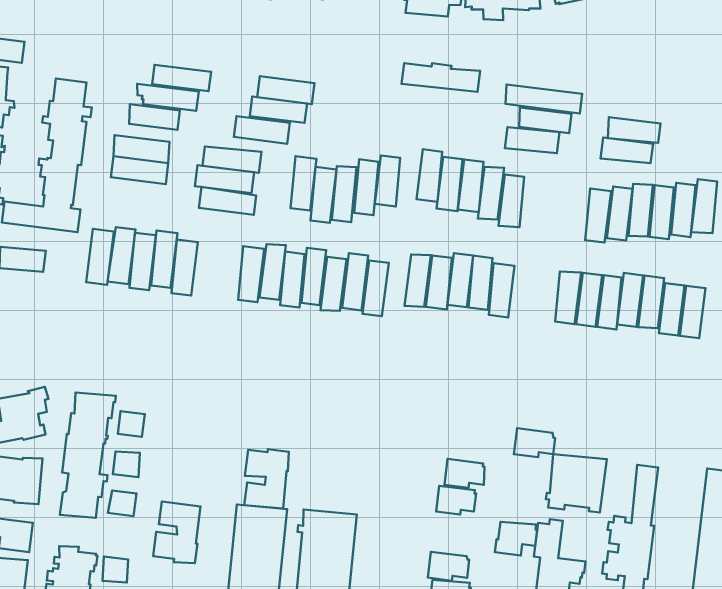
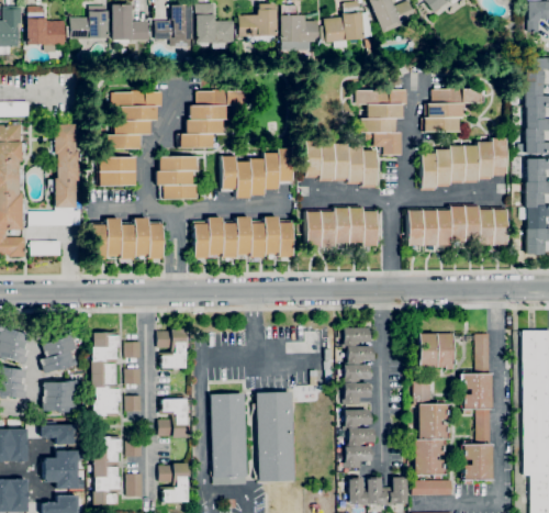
building: none -> [112,90,163,105]
building: [401,63,480,92] -> [195,89,247,105]
building: none -> [433,87,484,103]
building: none -> [373,133,401,155]
building: [514,428,555,457] -> [344,327,370,345]
building: [244,449,289,508] -> [158,328,187,368]
building: [495,522,537,555] -> [344,382,370,404]

